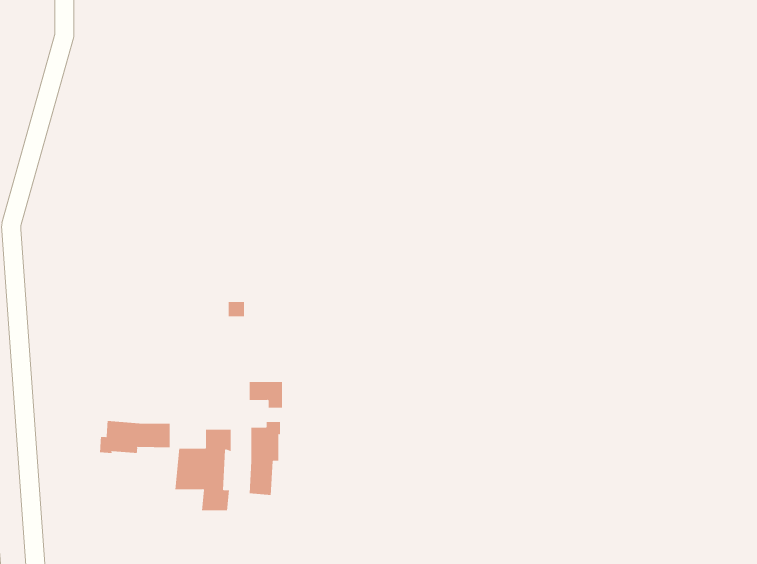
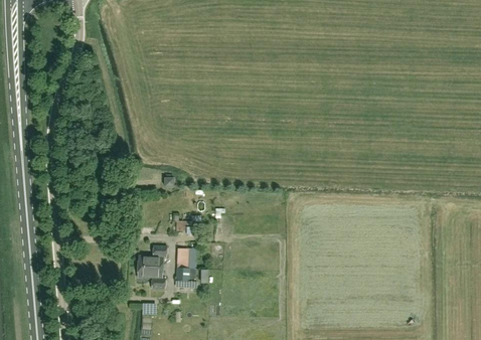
building: [99,420,170,454] -> none

